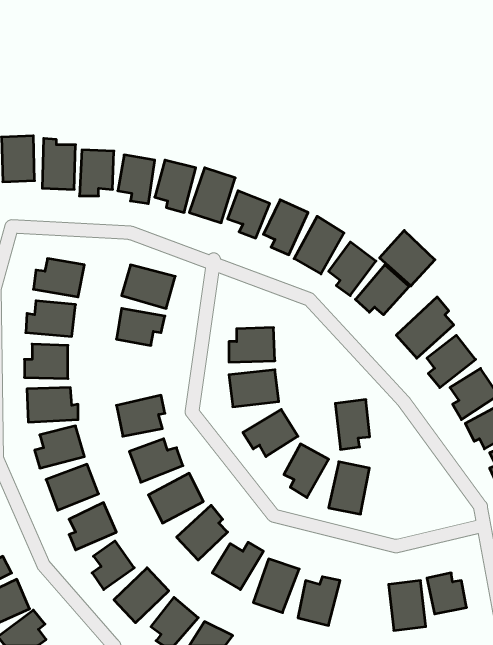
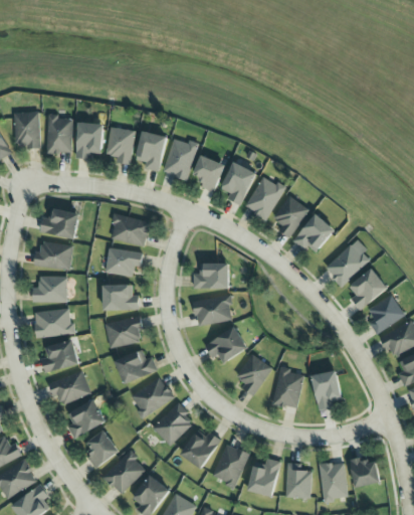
building: [380,230,435,286] -> none
building: none -> [102,285,139,310]
building: [335,400,370,449] -> [313,371,340,410]
building: none -> [284,463,310,498]

